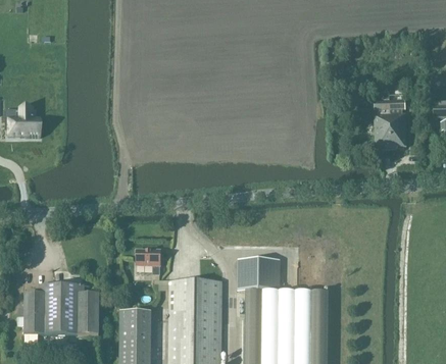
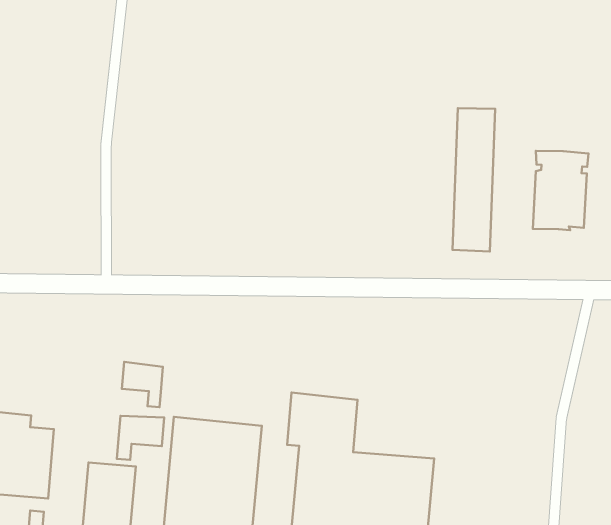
building: none -> [453,108,495,252]
building: none -> [117,416,164,460]

